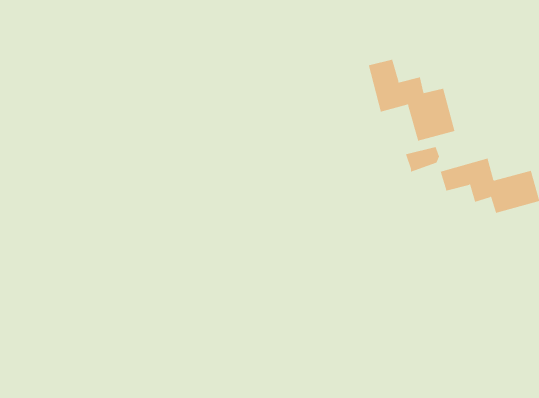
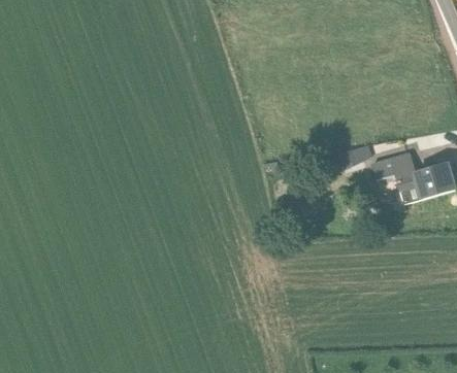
building: [368,59,455,141] -> none

